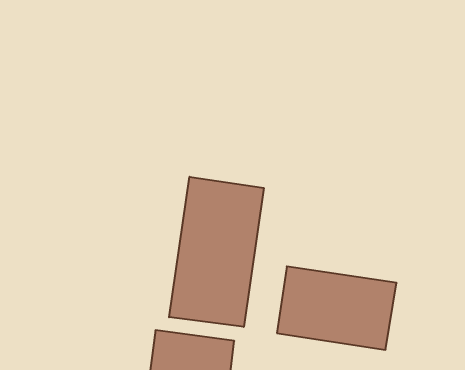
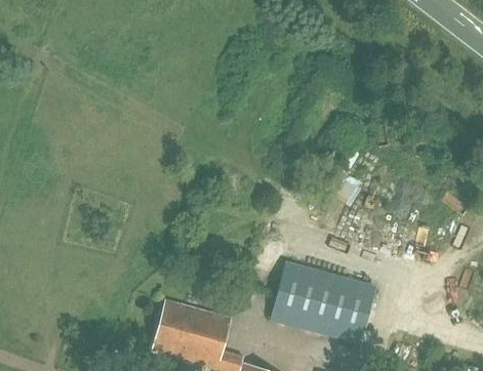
building: [169,177,264,327] -> none

